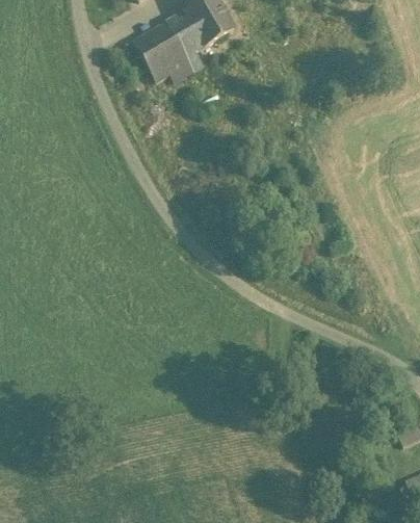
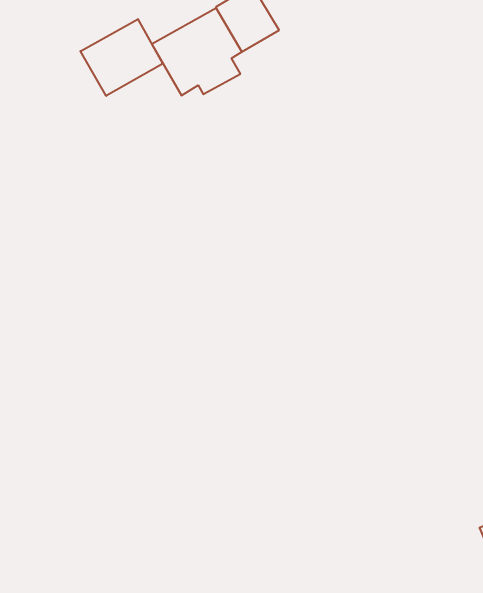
building: none -> [80,19,162,96]

